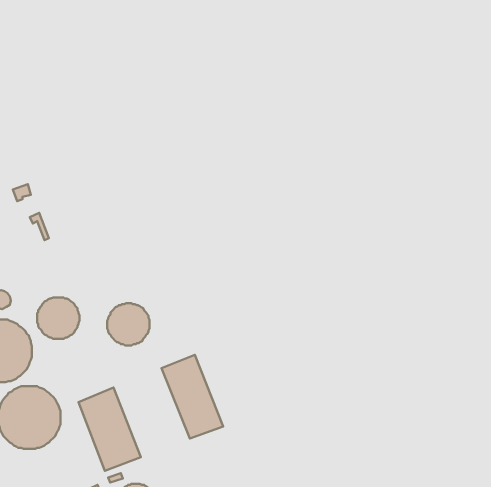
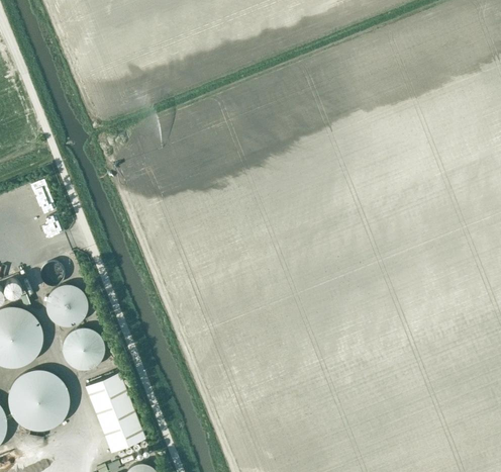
building: [107,303,149,345] -> [63,328,103,369]
building: [162,355,223,439] -> none

